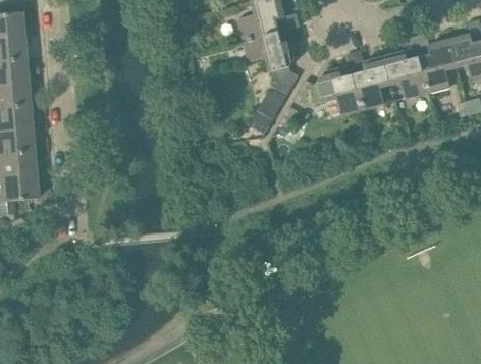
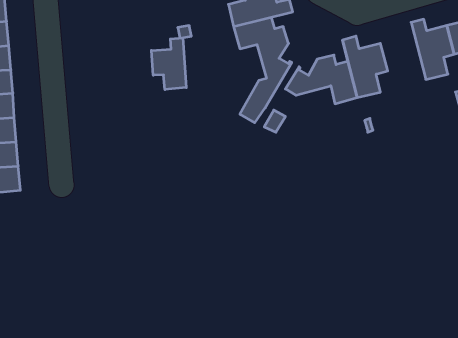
building: [382,38,426,99] -> none
building: none -> [151,38,186,90]

